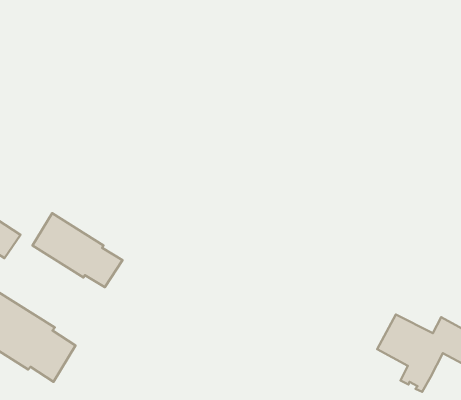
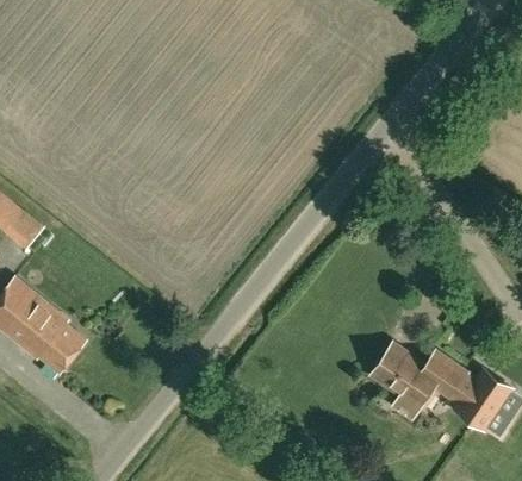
building: [32,213,123,287] -> none

